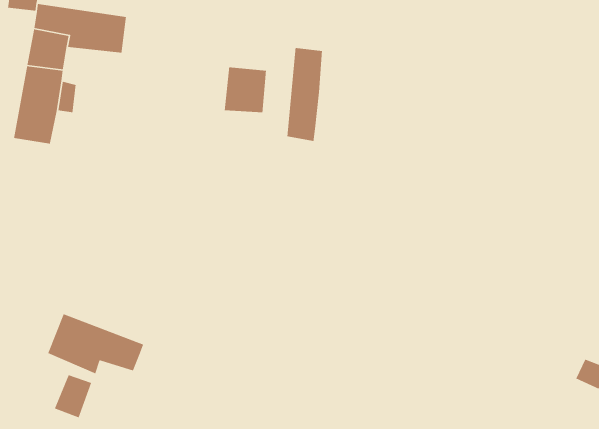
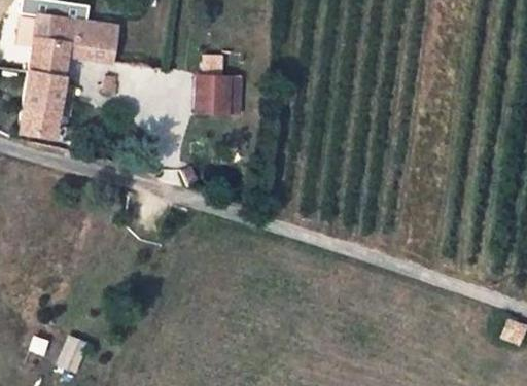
building: [286,47,323,142] -> none
building: [47,313,144,374] -> none

